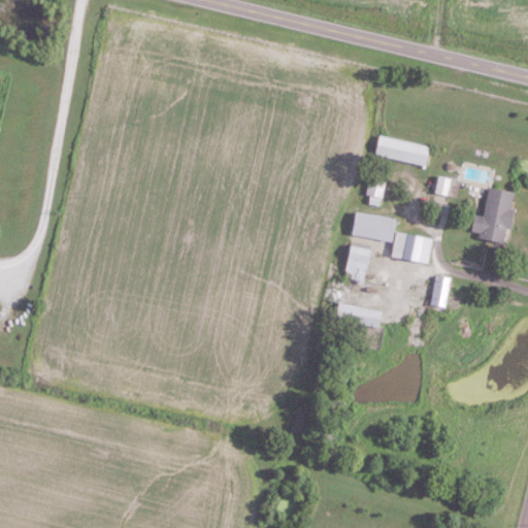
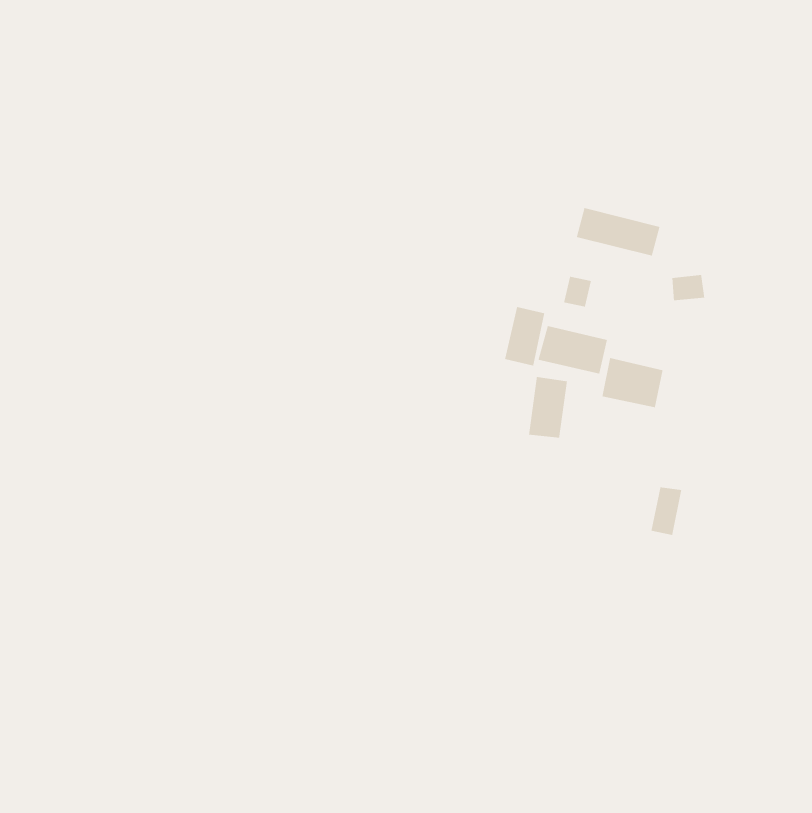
building: [470,188,514,242] -> none
building: none -> [504,306,545,367]
building: [430,275,451,307] -> [650,486,682,536]

